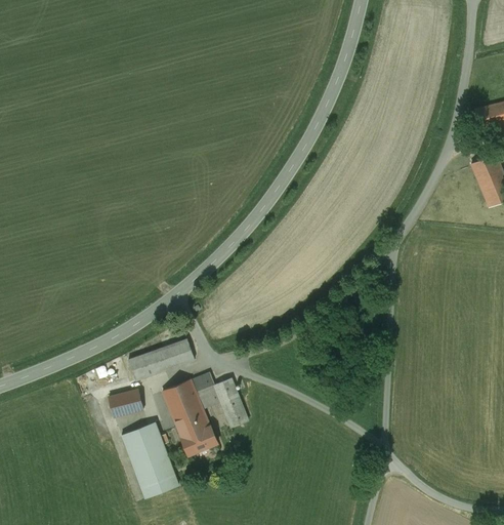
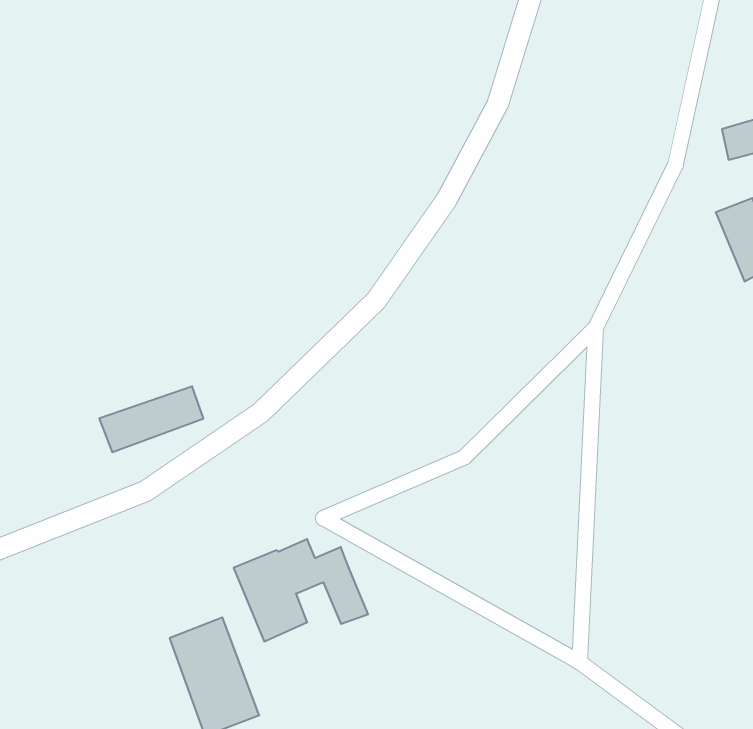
building: [127,338,194,380] -> [99,386,203,452]
building: [108,389,142,416] -> none
building: [180,426,217,454] -> none

